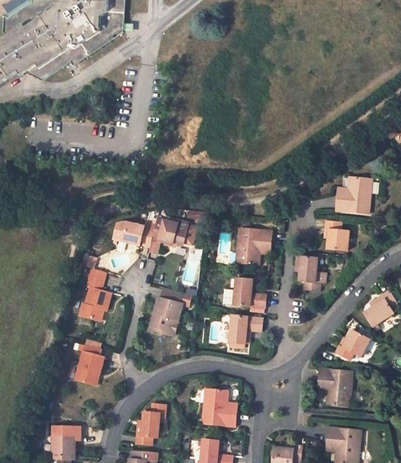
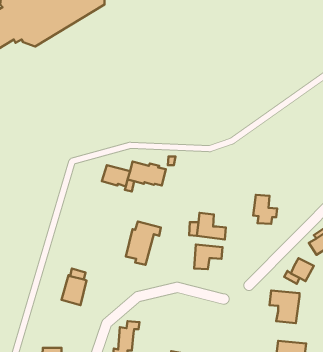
building: [335,176,371,214] -> none
building: [325,220,349,250] -> none
building: [236,227,271,264] -> none
building: [78,267,111,339] -> none
building: [201,389,235,427] -> none

